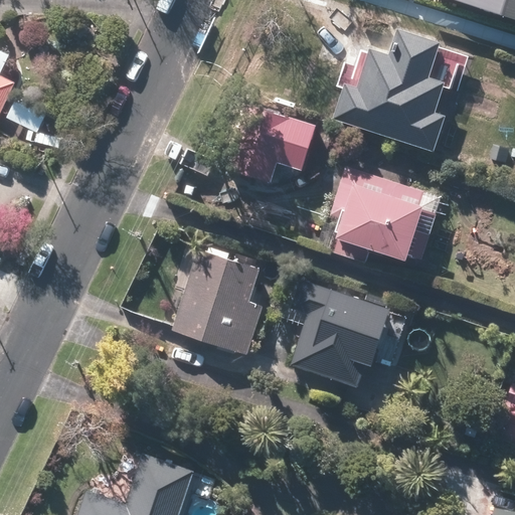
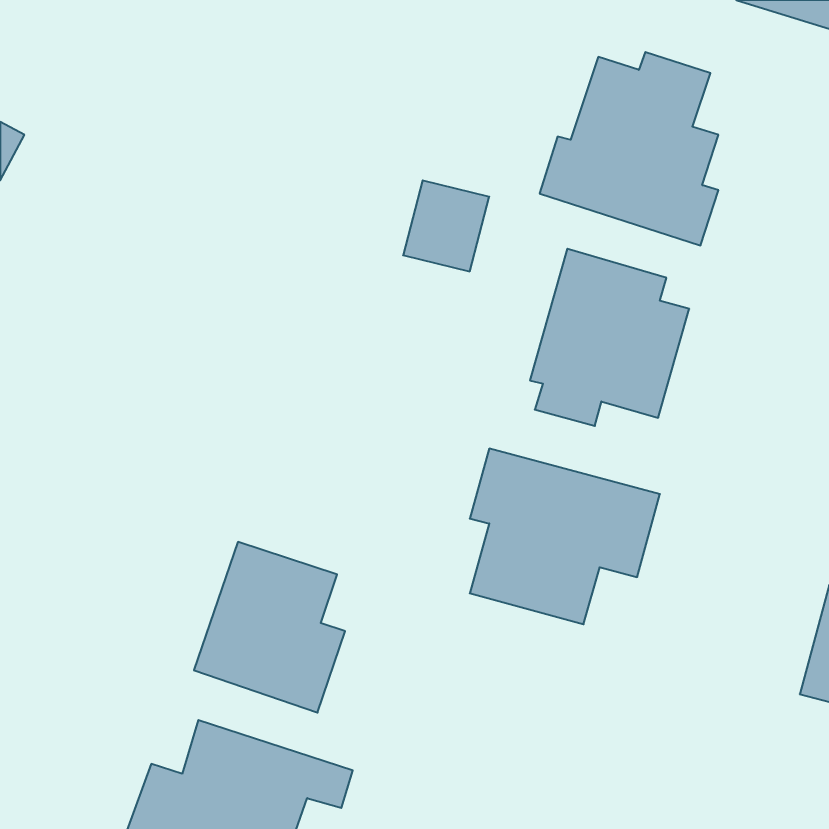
building: [172,250,266,356] -> [194,542,345,713]

